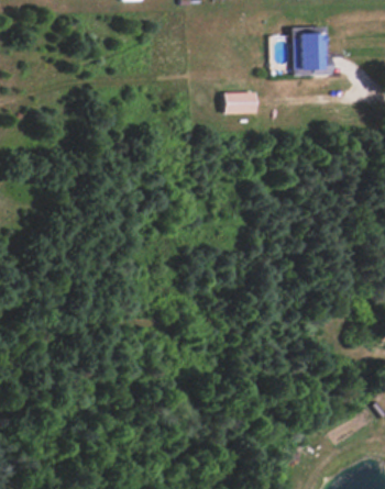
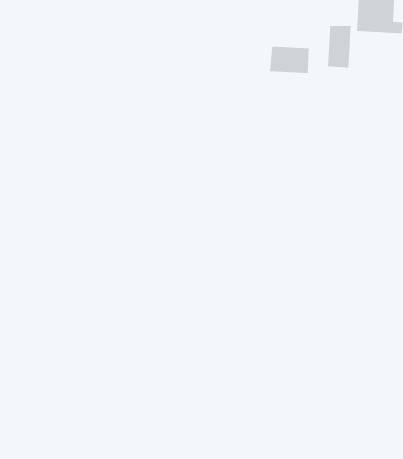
building: none -> [327,25,351,68]

